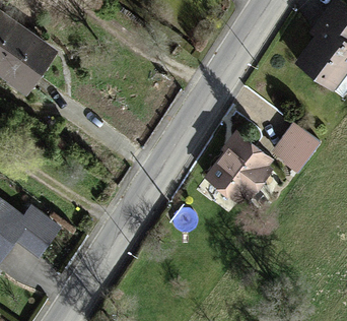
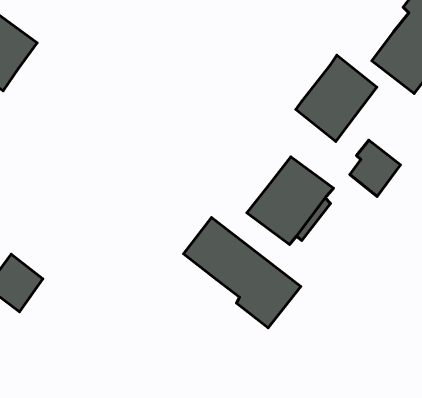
building: none -> [296,55,377,141]
building: none -> [183,217,301,328]

